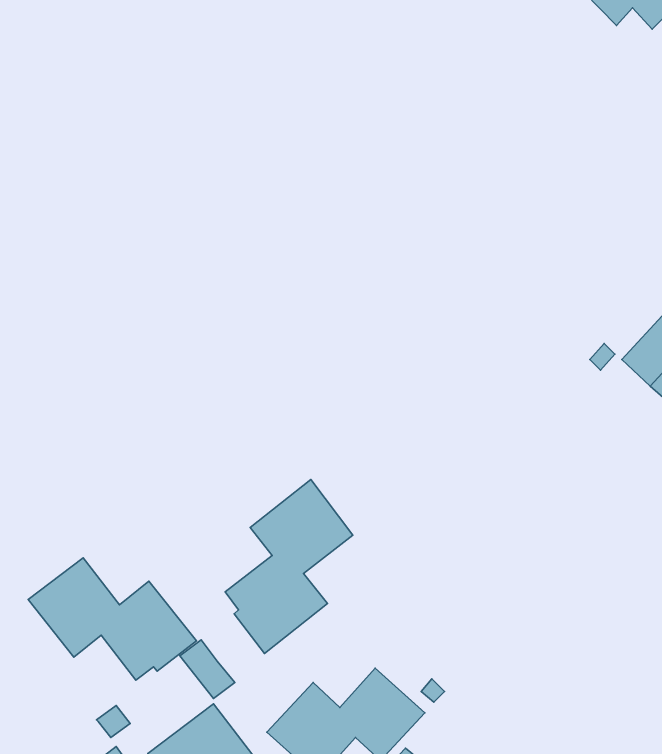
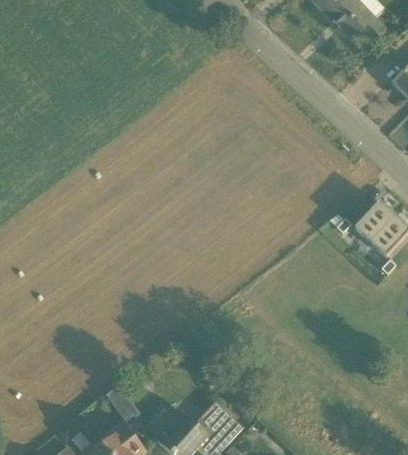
building: [225,480,353,653] -> none
building: [28,558,196,680] -> none

